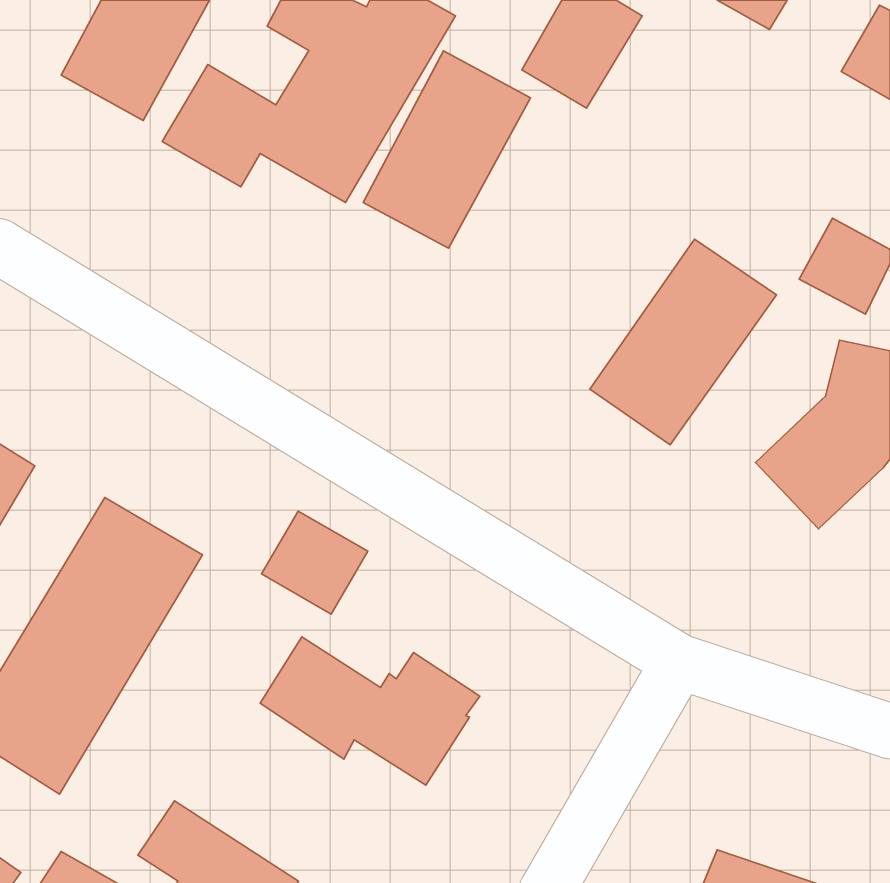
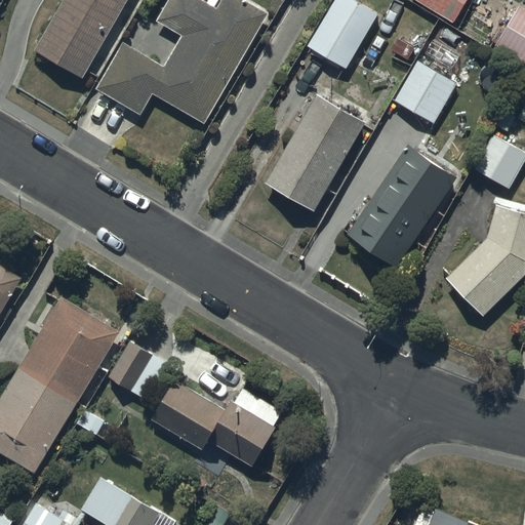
building: [363,51,531,248] -> [266,93,364,209]
building: none -> [393,40,455,124]
building: [261,511,368,614] -> [108,340,170,401]

